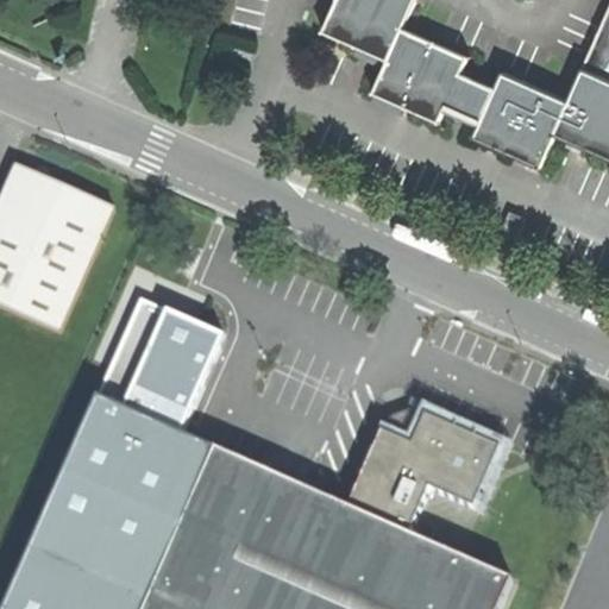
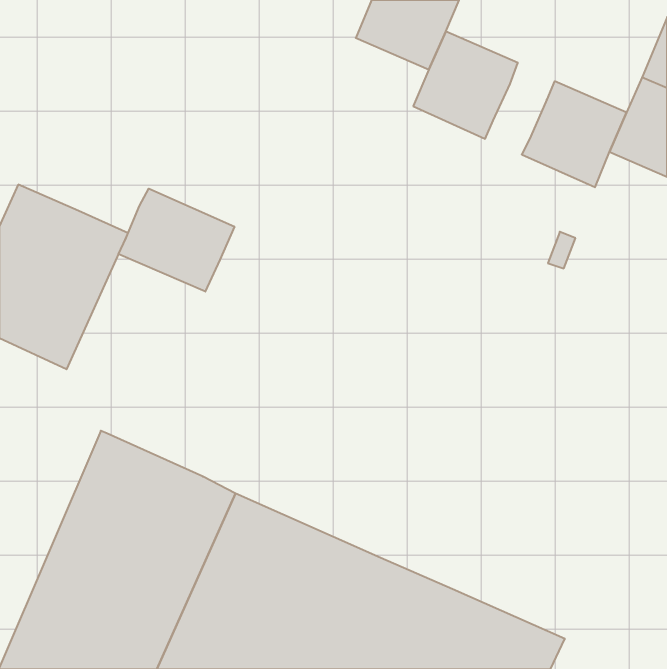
building: [448,76,497,124] -> none
building: none -> [119,189,234,292]
building: [98,293,226,433] -> none
building: [346,408,504,535] -> none

